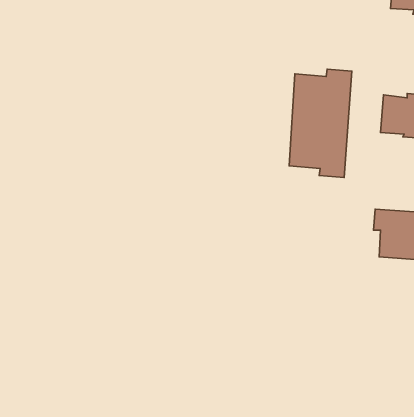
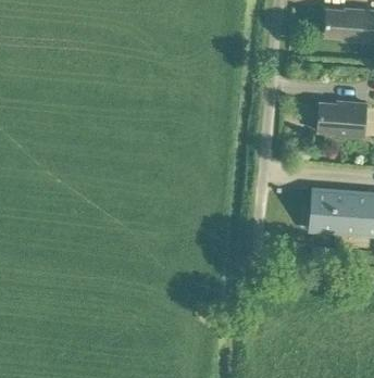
building: [289,69,352,177] -> none

